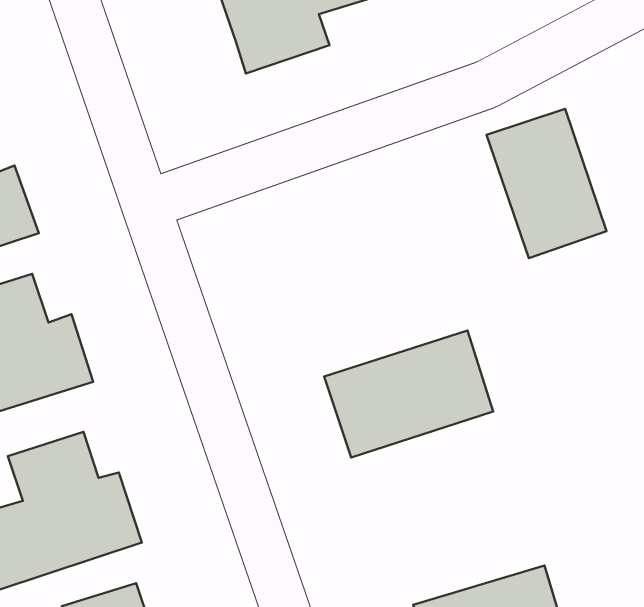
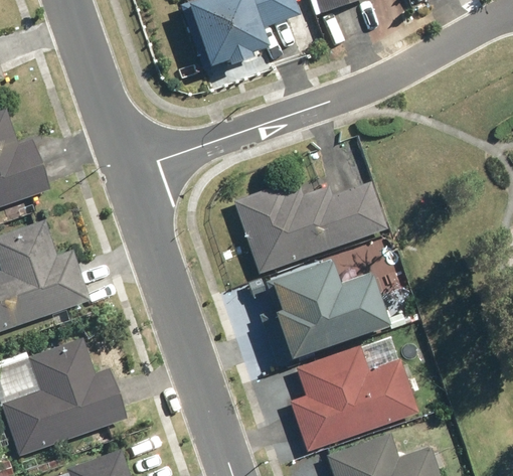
building: [486,109,607,258] -> none
building: none -> [233,182,387,275]
building: none -> [297,349,416,439]

